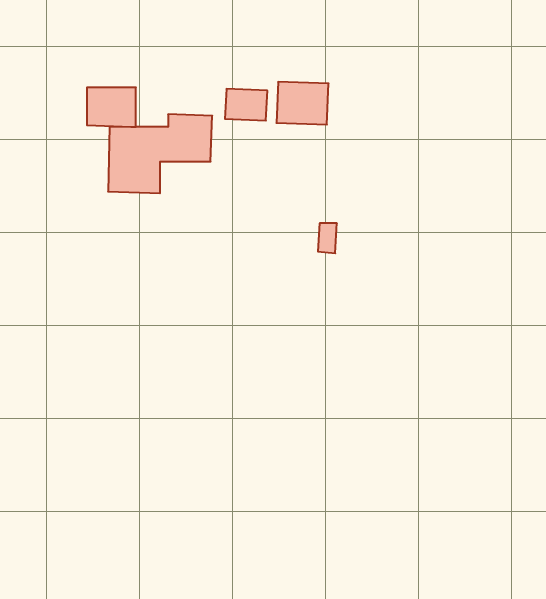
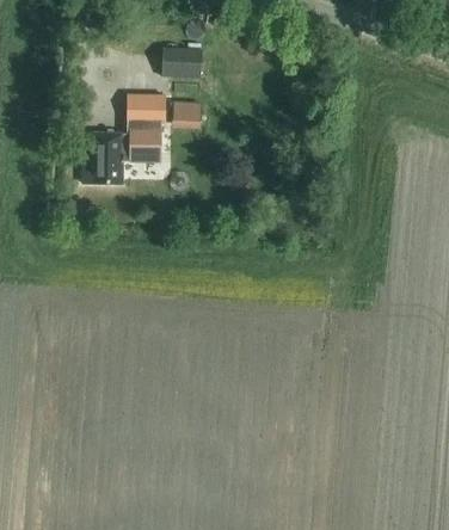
building: [276,82,329,125] -> [162,45,202,78]
building: [87,87,136,127] -> [128,94,165,124]

